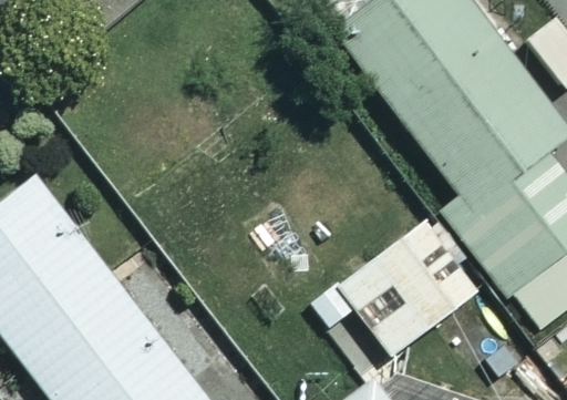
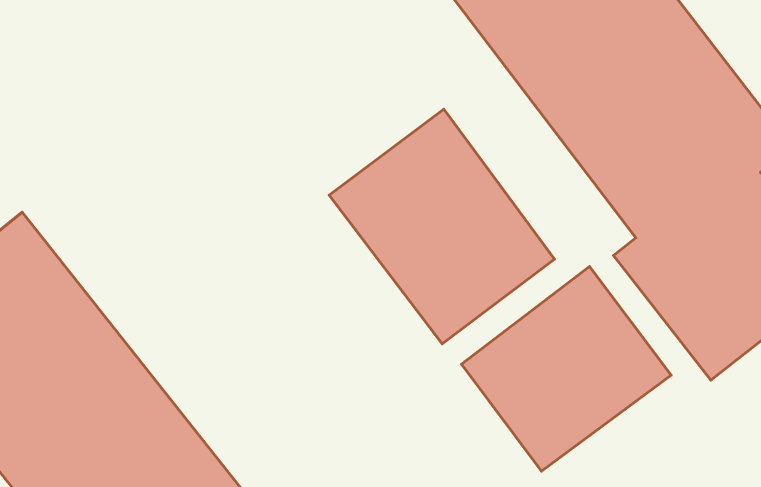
building: none -> [329,109,555,344]

